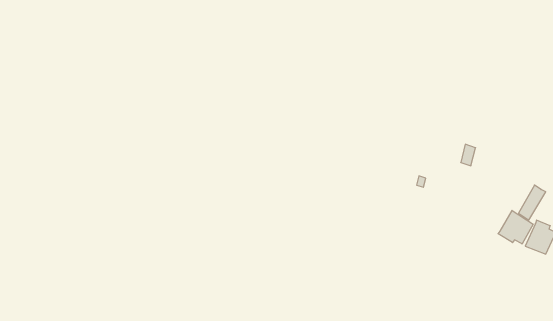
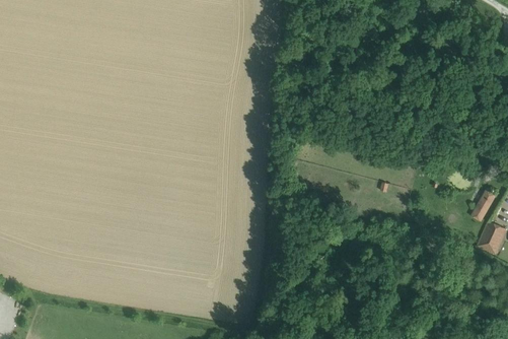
building: [498,210,533,244] -> none

